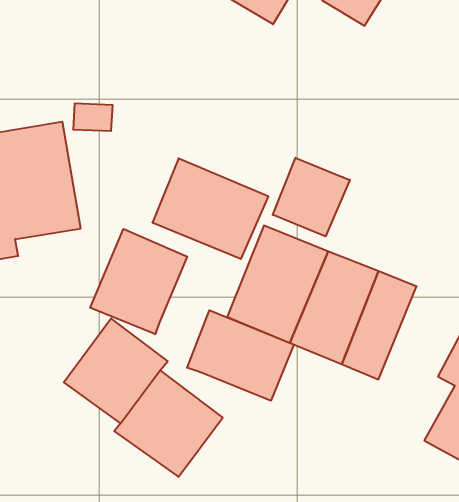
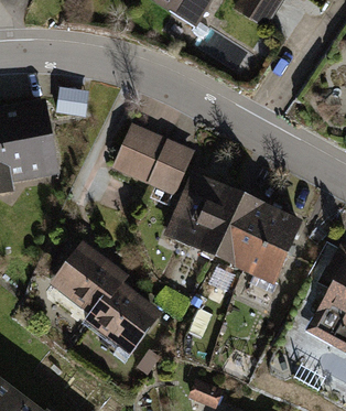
building: [273,158,350,236] -> none
building: [90,229,187,334] -> none
building: [187,310,294,401] -> none

